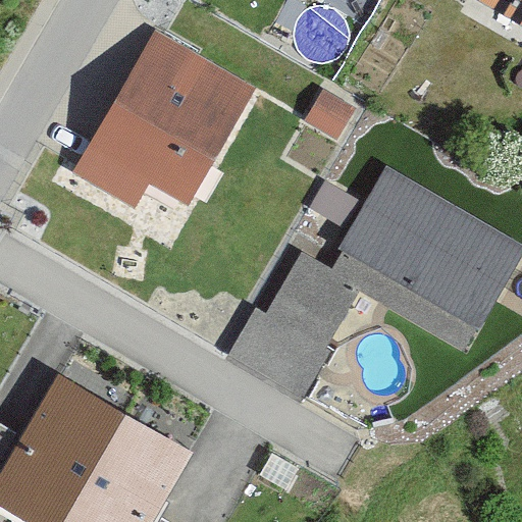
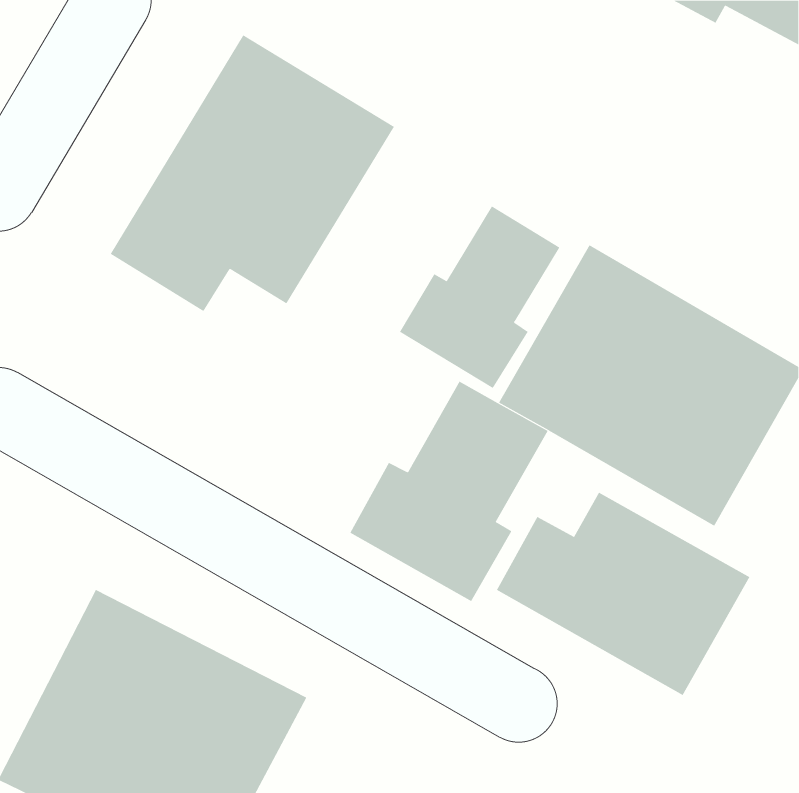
building: none -> [399,205,560,389]
building: none -> [496,492,750,696]

